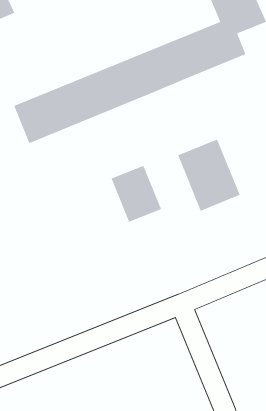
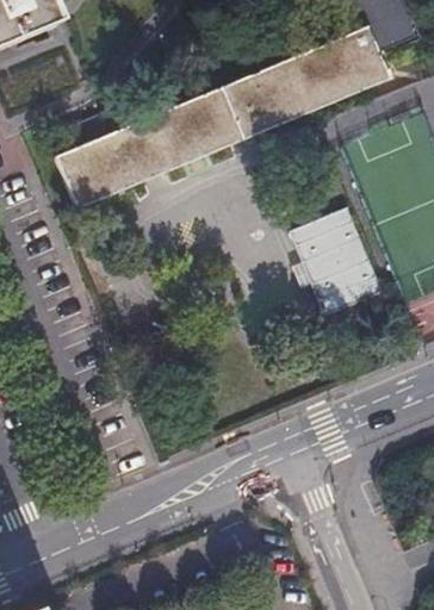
building: [110,165,162,223] -> none

